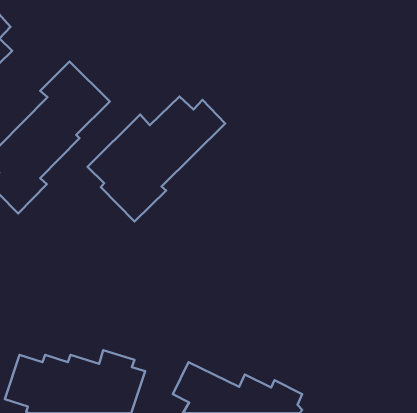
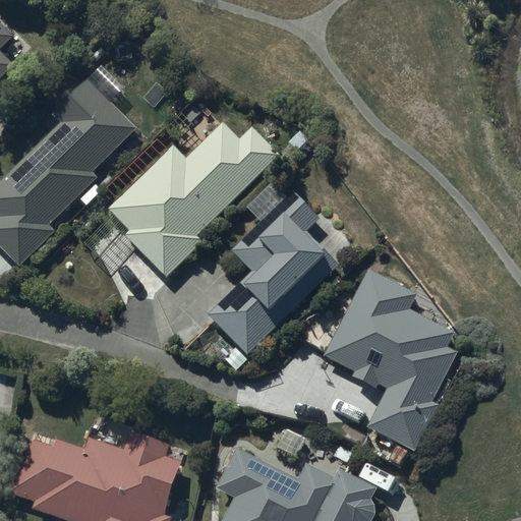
building: none -> [207,184,339,370]
building: none -> [323,271,457,467]

